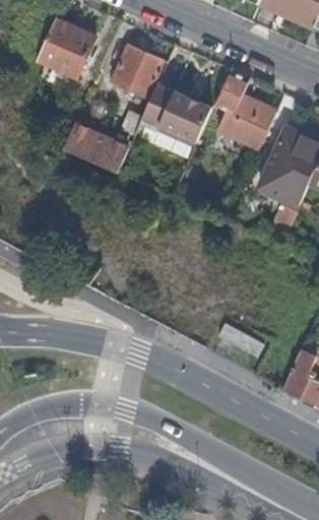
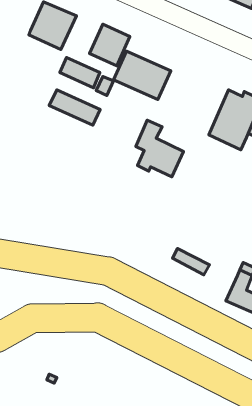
building: [216,73,275,143] -> [136,120,183,177]
building: none -> [60,57,100,88]

